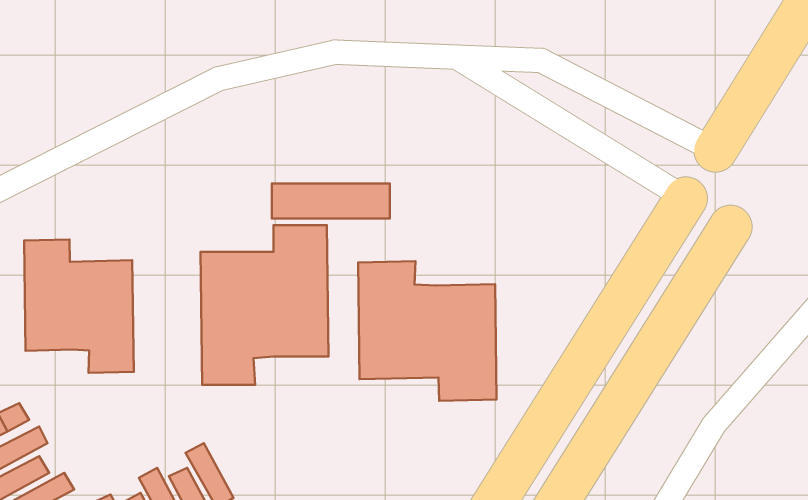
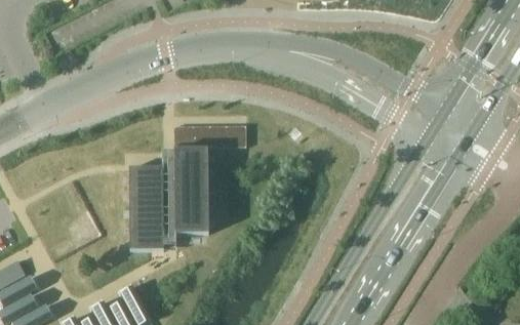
building: [24,239,134,373] -> none
building: [358,261,497,401] -> none

